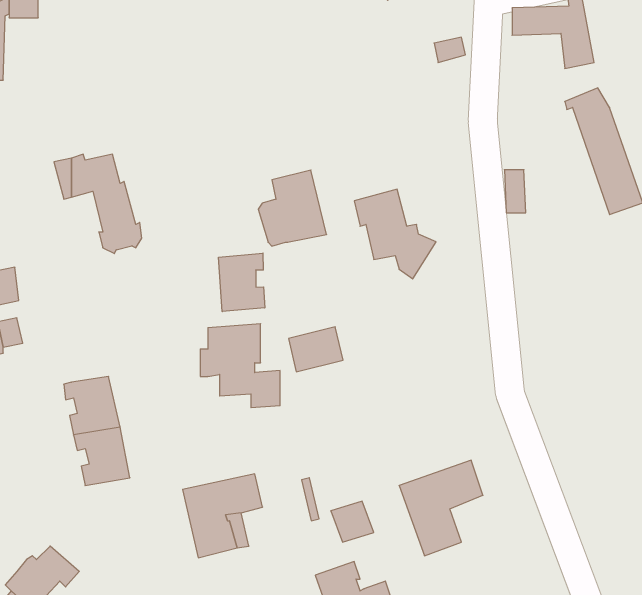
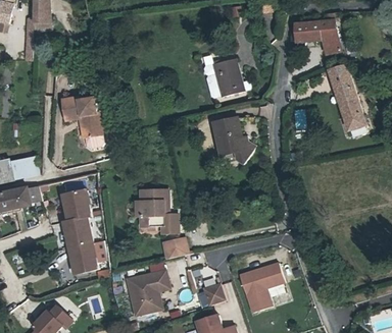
building: [258,170,327,246] -> [208,59,244,99]
building: [219,253,265,312] -> none
building: none -> [62,189,91,220]
building: [289,327,343,372] -> [163,235,192,259]

